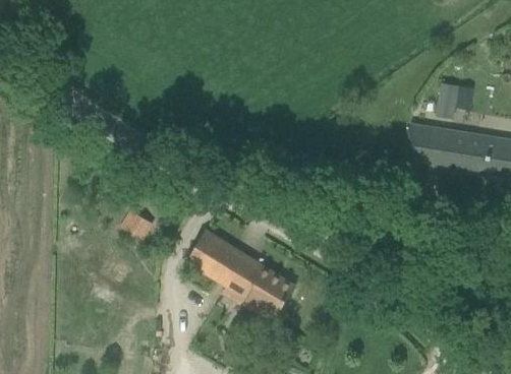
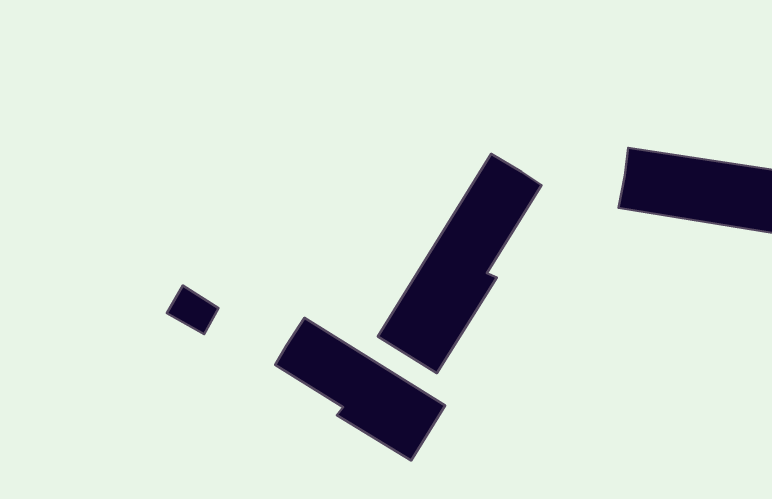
building: [436,83,459,121] -> none
building: none -> [378,154,541,373]

